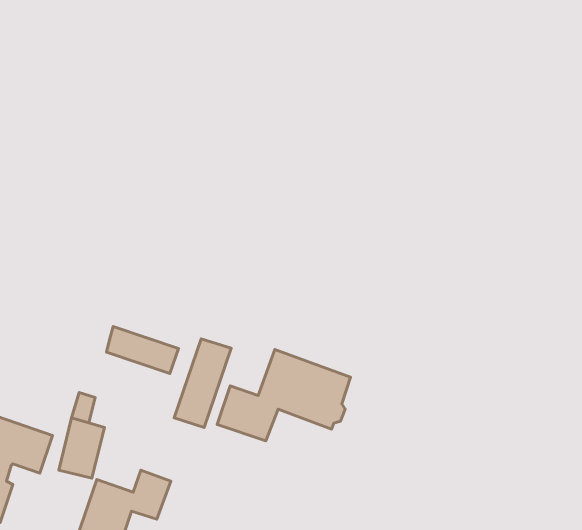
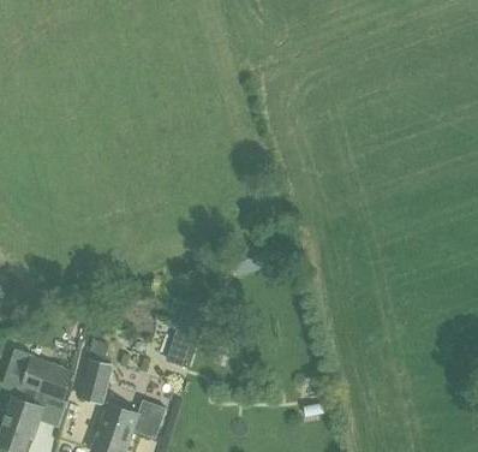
building: [106,326,178,374] -> none
building: [217,349,350,441] -> none

